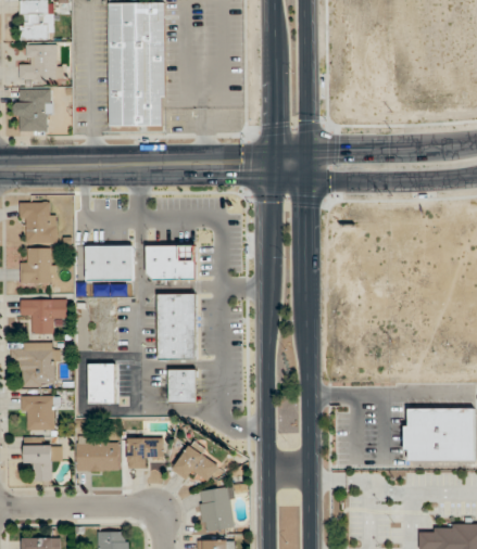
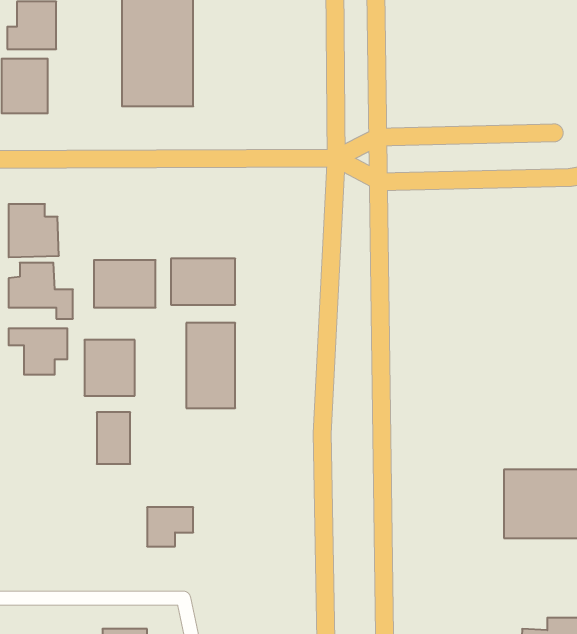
building: [18,343,58,386] -> [84,340,135,396]
building: [168,370,196,403] -> none
building: [21,395,55,430] -> none
building: [76,437,117,471] -> none
building: [171,442,219,482] -> none
building: [24,444,60,481] -> none
building: [199,487,236,531] -> none

